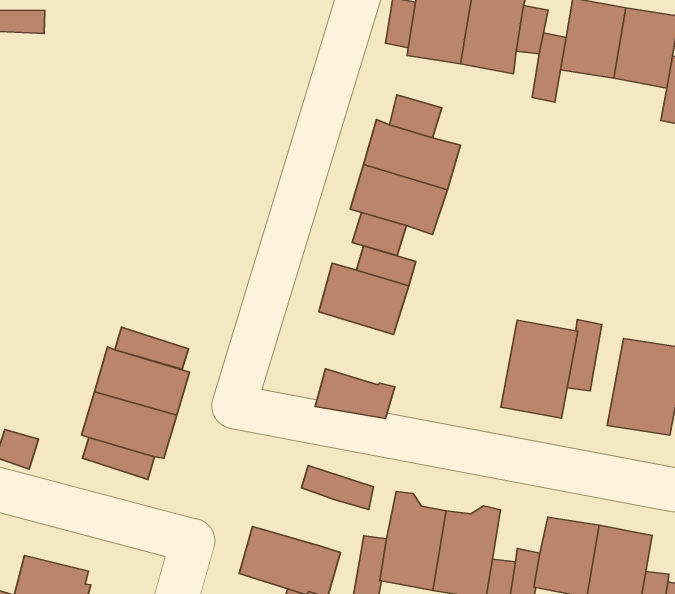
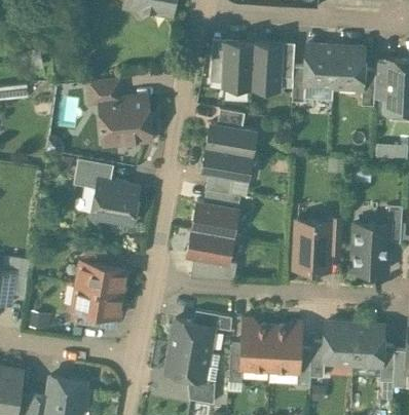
building: none -> [87,79,150,145]
building: none -> [73,160,138,225]
building: none -> [186,230,232,265]
building: none -> [170,322,212,354]

